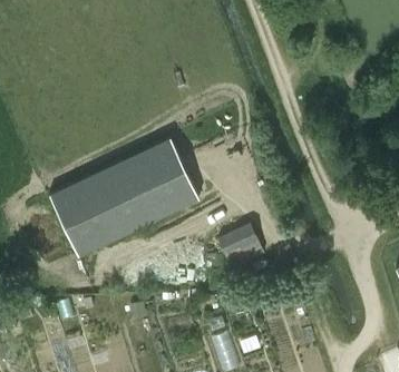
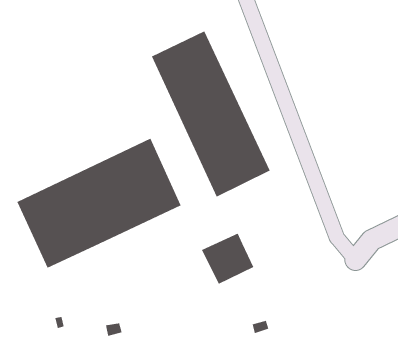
building: none -> [151,30,271,197]

